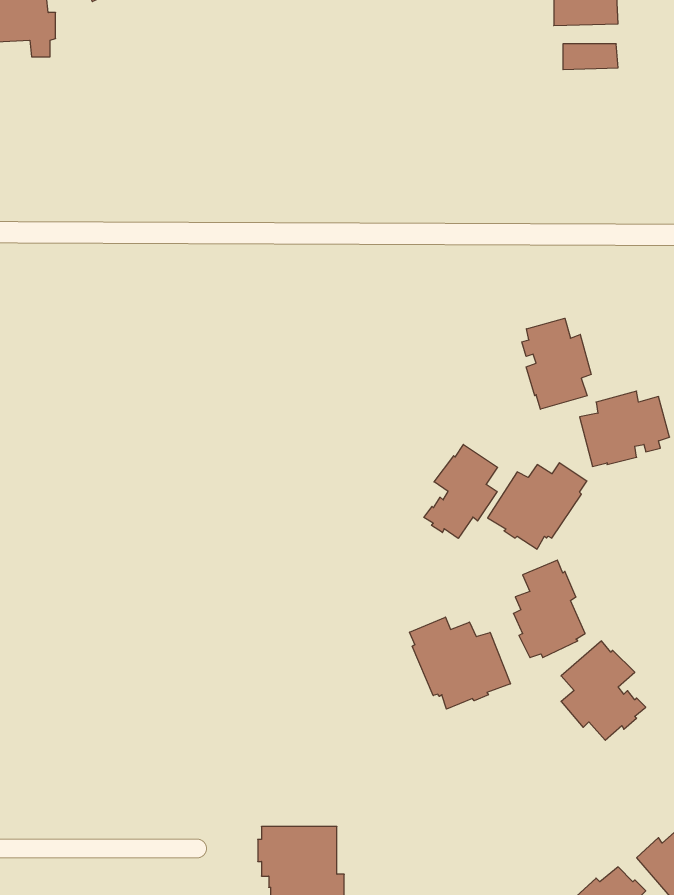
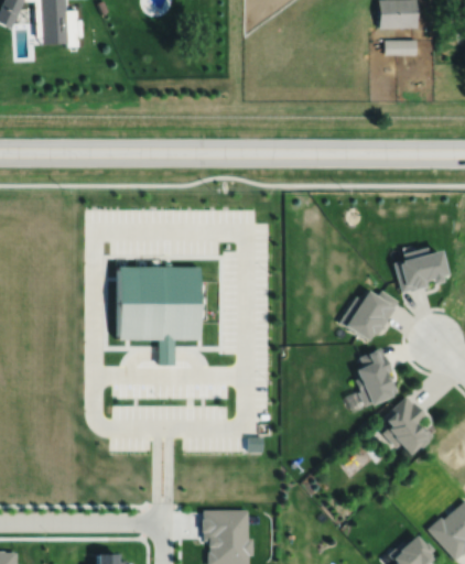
building: [522,318,591,409] -> none
building: none -> [118,263,199,367]
building: [424,444,498,538] -> none
building: [410,617,510,709] -> none

